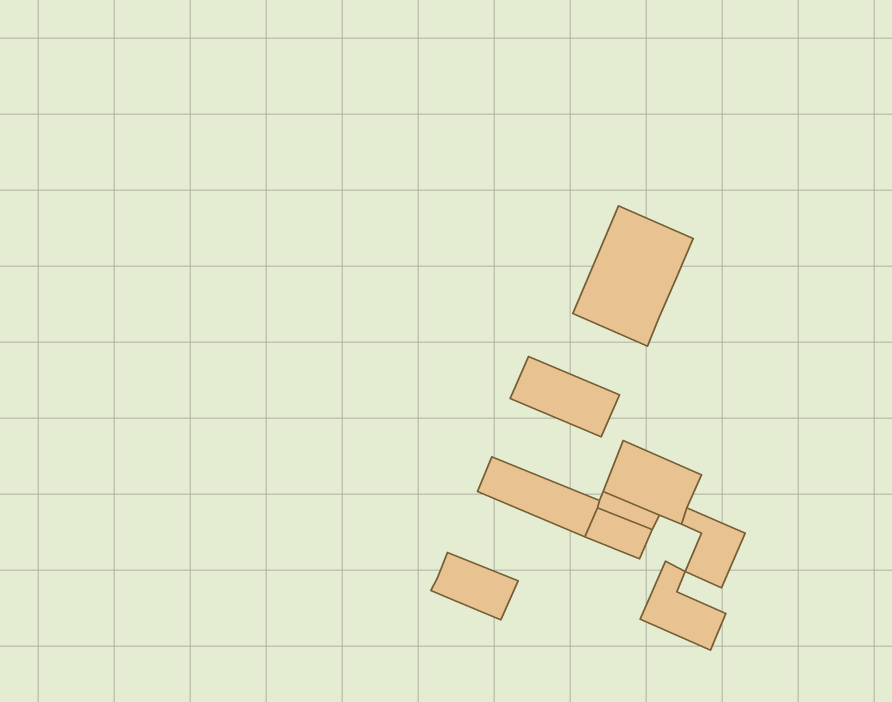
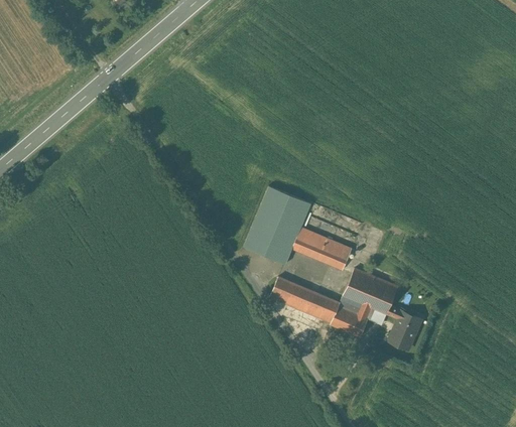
building: [573,206,693,346] -> [244,185,310,263]
building: [431,553,518,620] -> none
building: [640,561,726,650] -> none

